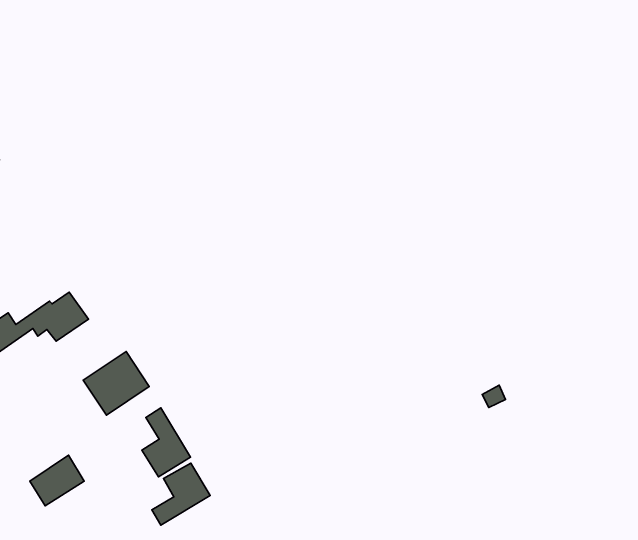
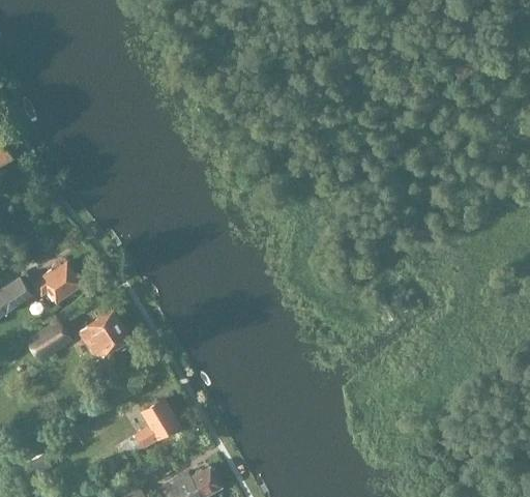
building: [142,408,191,477] -> none
building: [30,455,84,506] -> [27,321,70,361]

